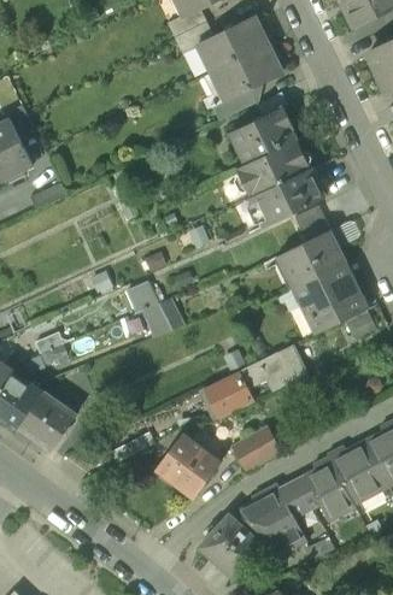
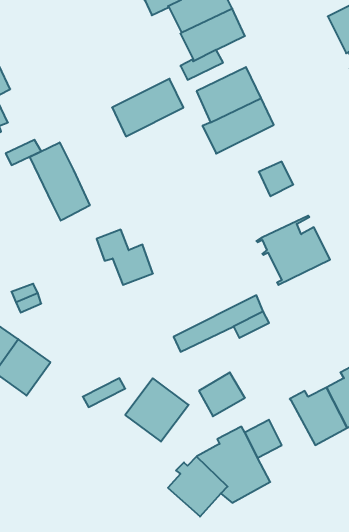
building: [251,167,325,228] -> [112,79,183,136]
building: none -> [30,142,90,221]
building: [283,230,347,285] -> none
building: [306,455,356,518] -> none

